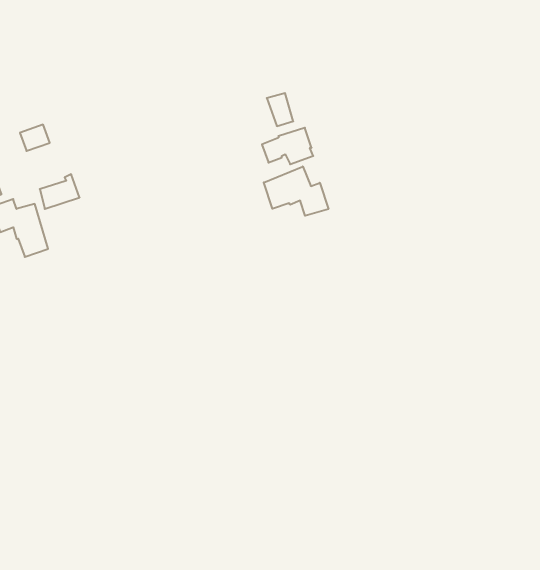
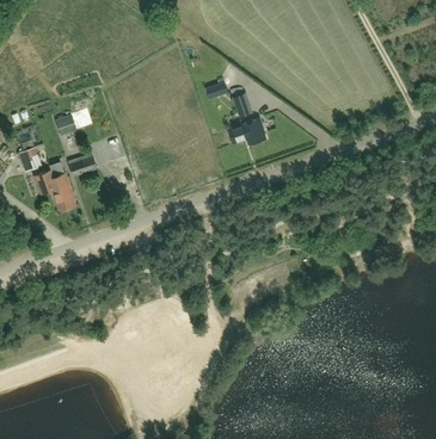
building: [264,166,328,216] -> none

